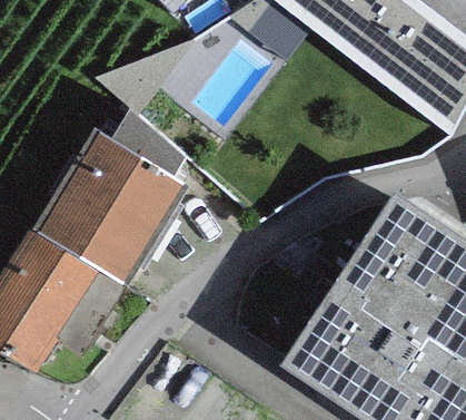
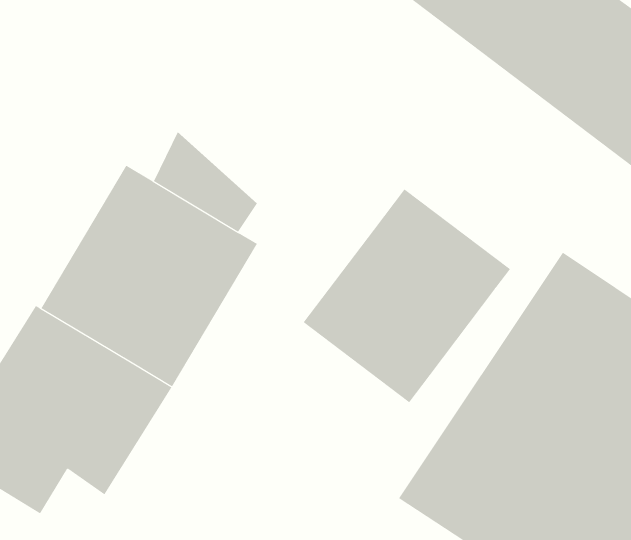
building: none -> [303,188,511,403]

